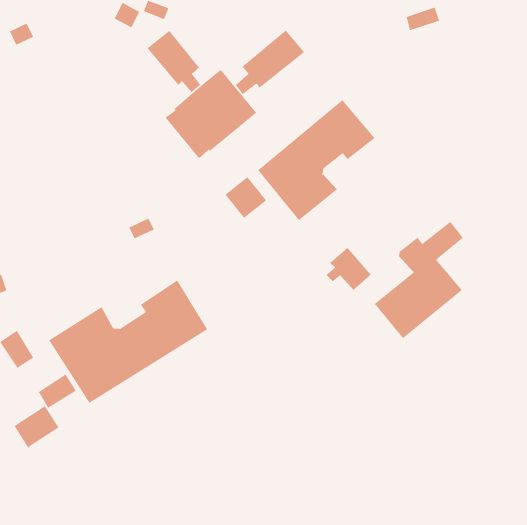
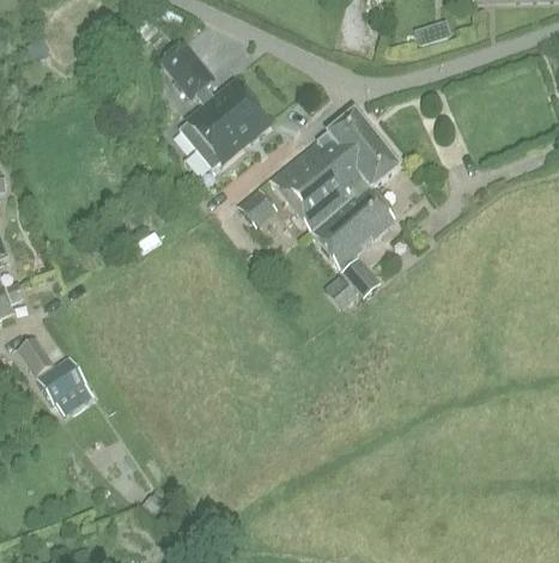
building: [235,30,305,95] -> none
building: [374,221,464,339] -> [310,149,399,265]
building: [48,280,208,404] -> none
building: [14,405,60,449] -> [37,357,83,400]

